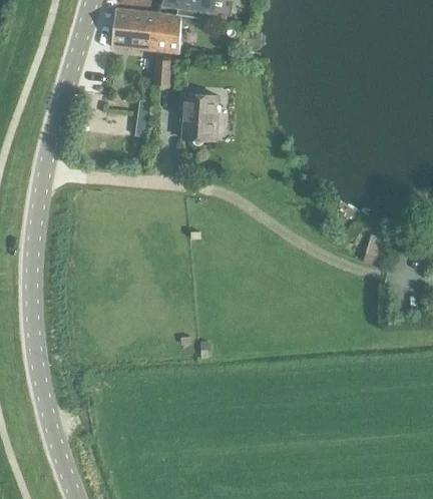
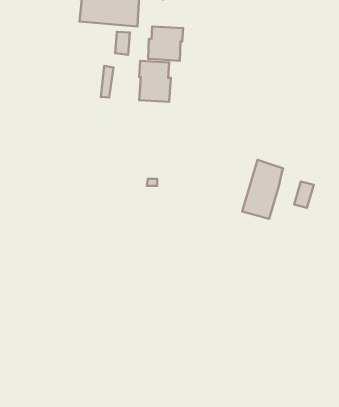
building: none -> [148,26,183,61]
building: none -> [242,160,283,219]

